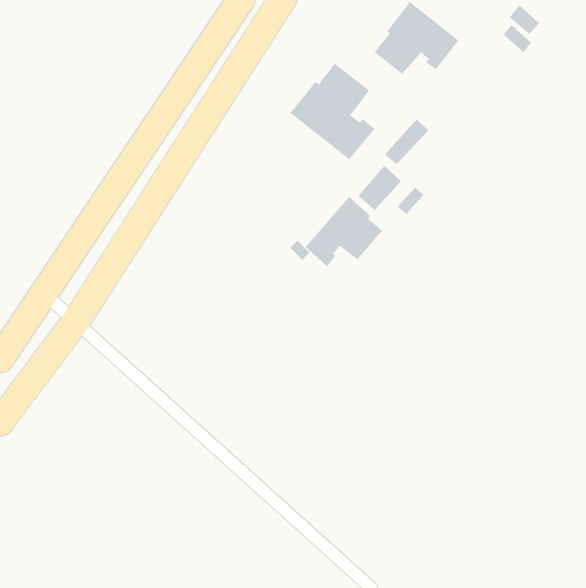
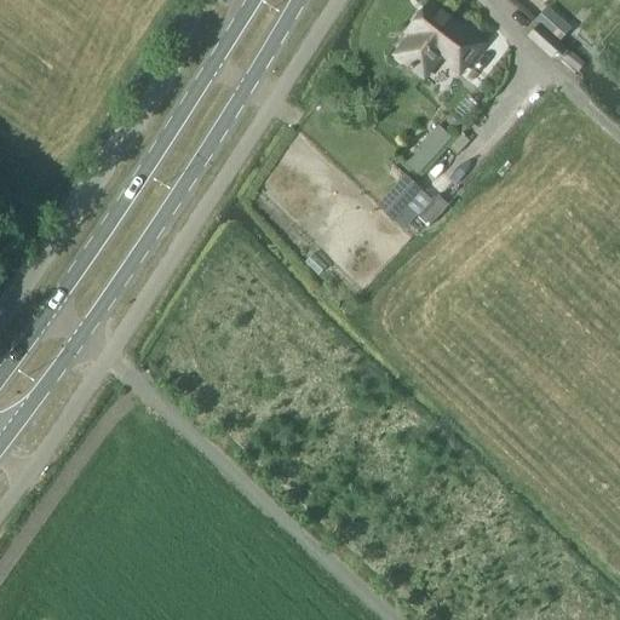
building: [290,63,375,160] -> none
building: [305,196,383,267] -> none

